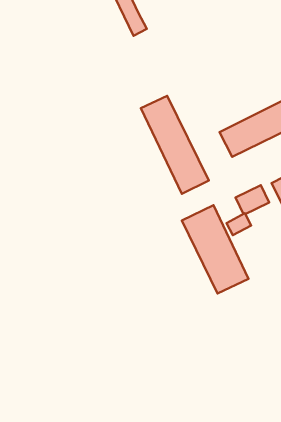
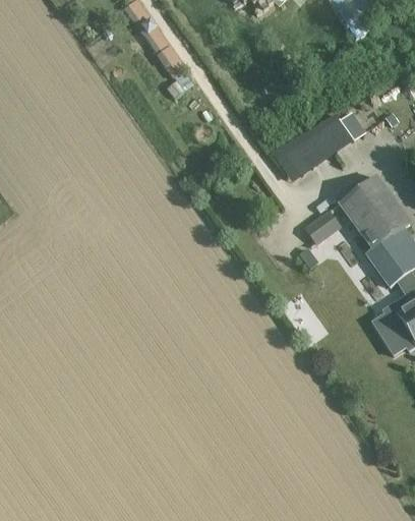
building: [141,96,209,194] -> none
building: [182,205,249,293] -> none

